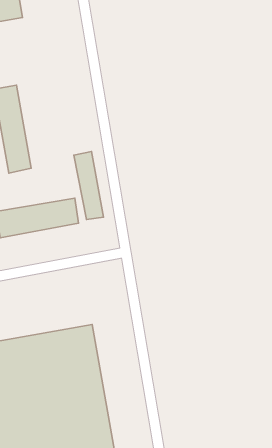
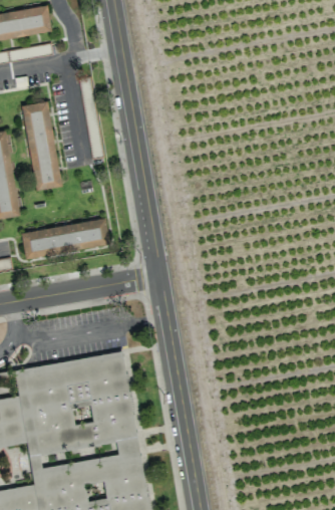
building: [74,152,104,220] -> none

